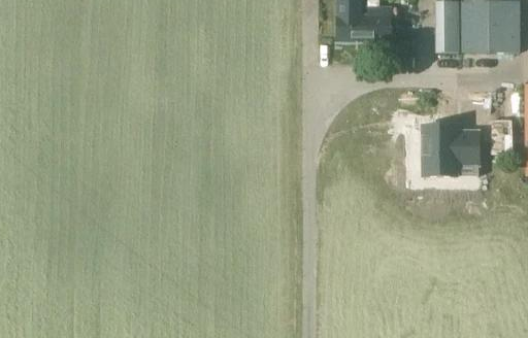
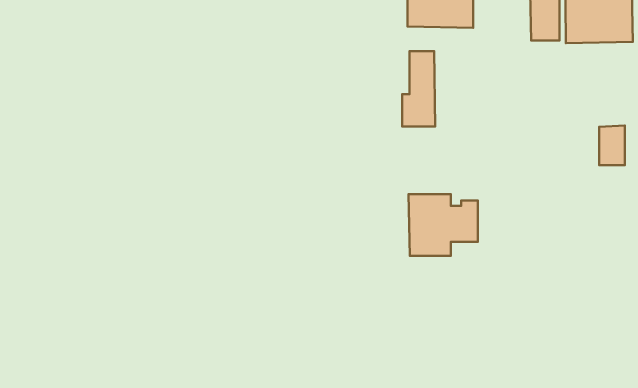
building: none -> [402,51,435,127]
building: [424,126,480,175] -> [408,194,478,256]

